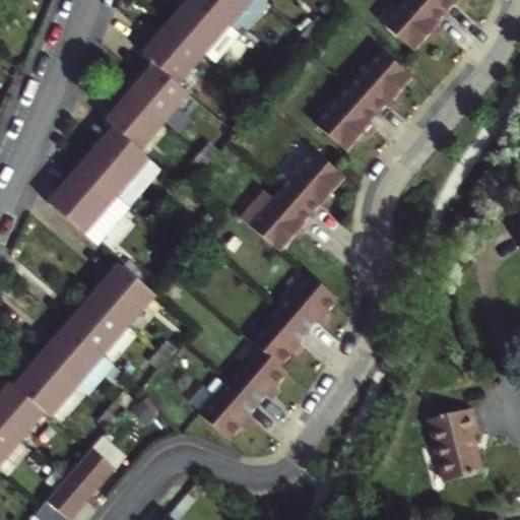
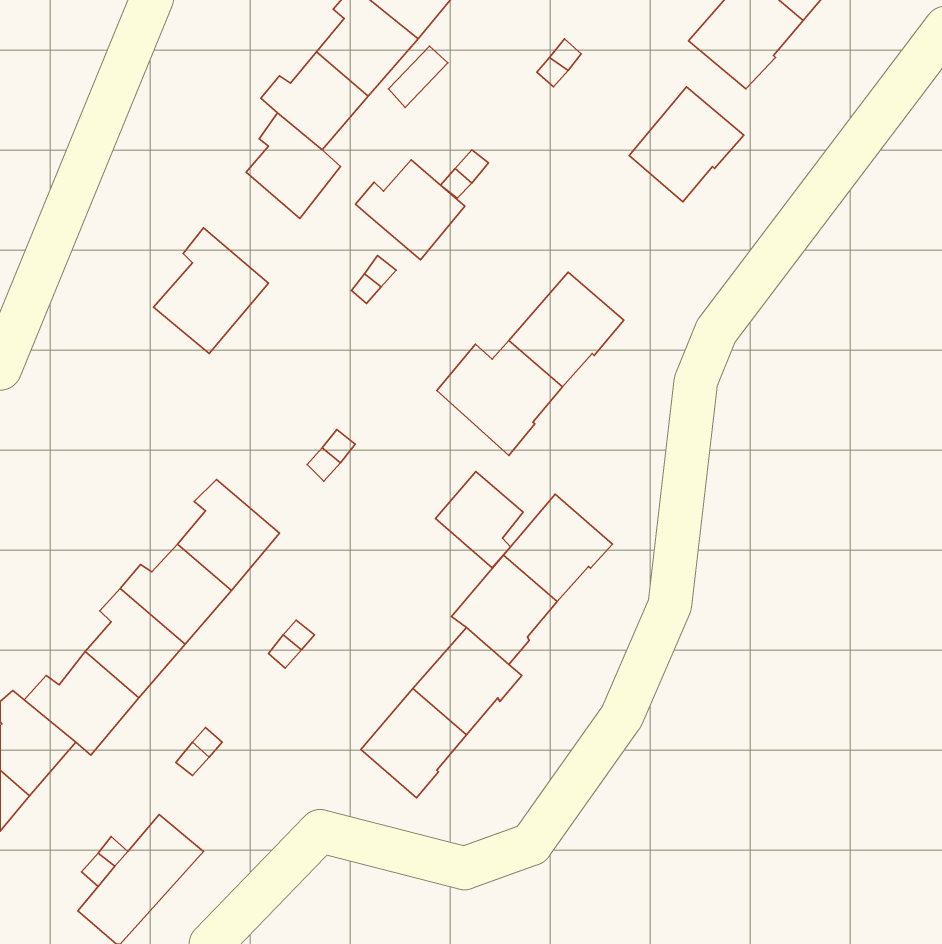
building: [315,85,377,150] -> none
building: [107,94,167,149] -> [356,160,465,260]
building: [50,169,117,232] -> none
building: none -> [435,471,523,568]
building: [428,408,483,482] -> none

